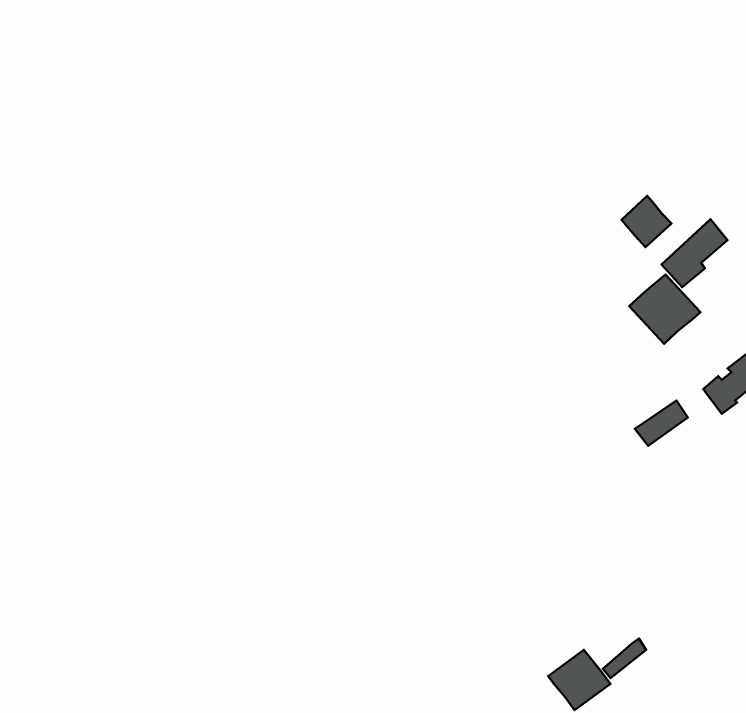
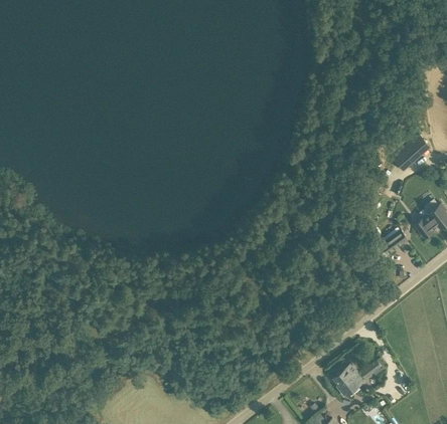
building: [621,196,671,247] -> none
building: [629,274,700,344] -> none

